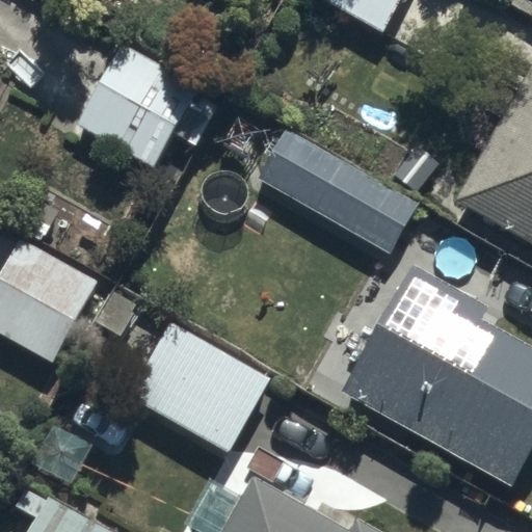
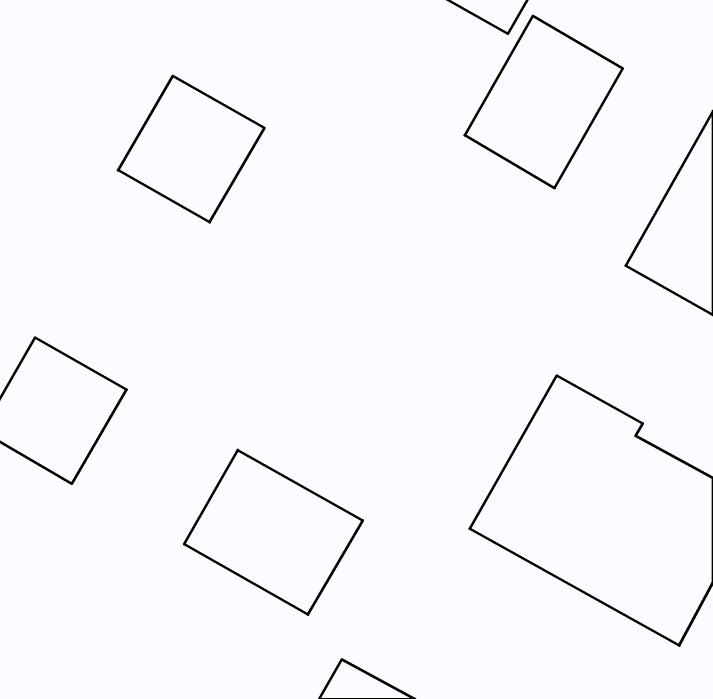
building: none -> [465,16,623,188]
building: [256,126,411,249] -> none

